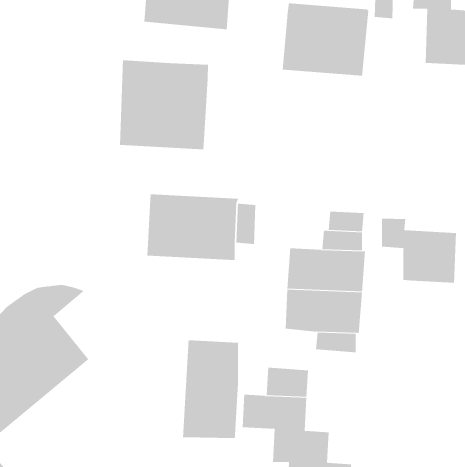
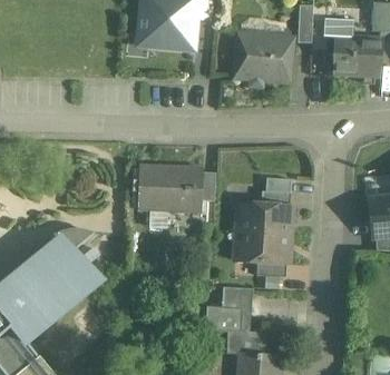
building: [119,59,209,150] -> none
building: [381,218,457,283] -> none
building: [183,339,239,439] -> none

